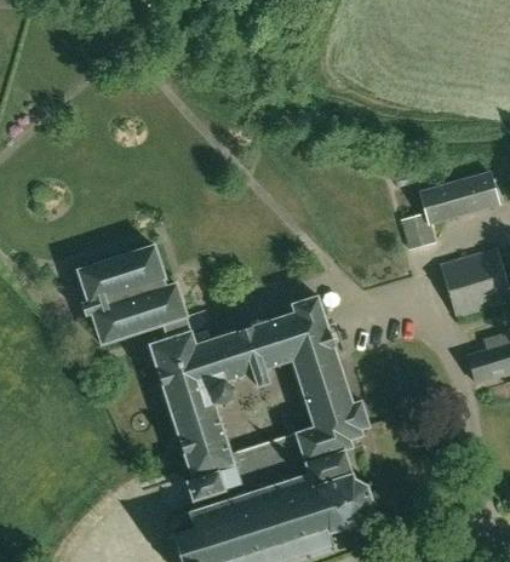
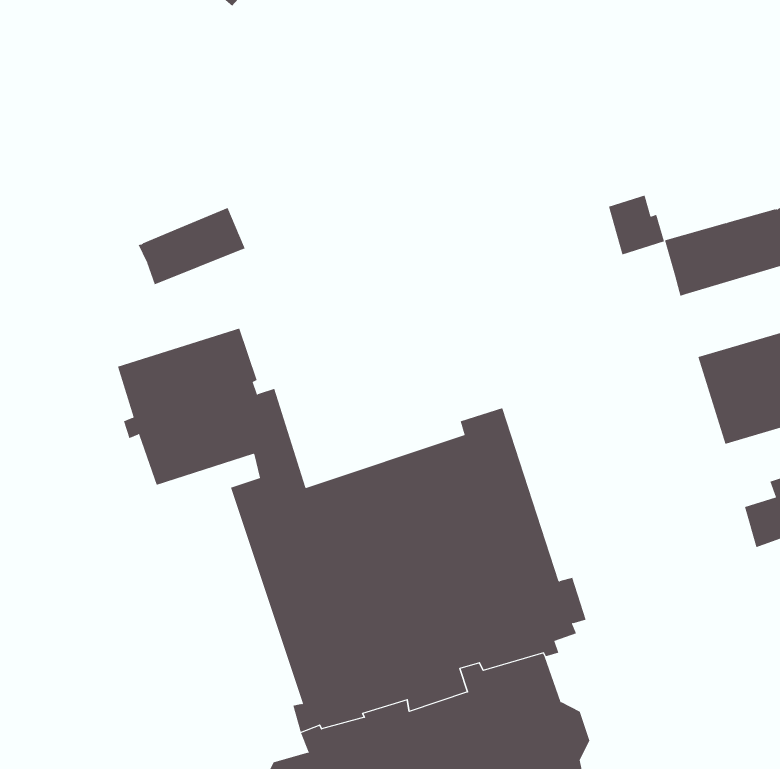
building: none -> [138,207,246,285]
building: [401,212,436,250] -> [608,195,665,255]

